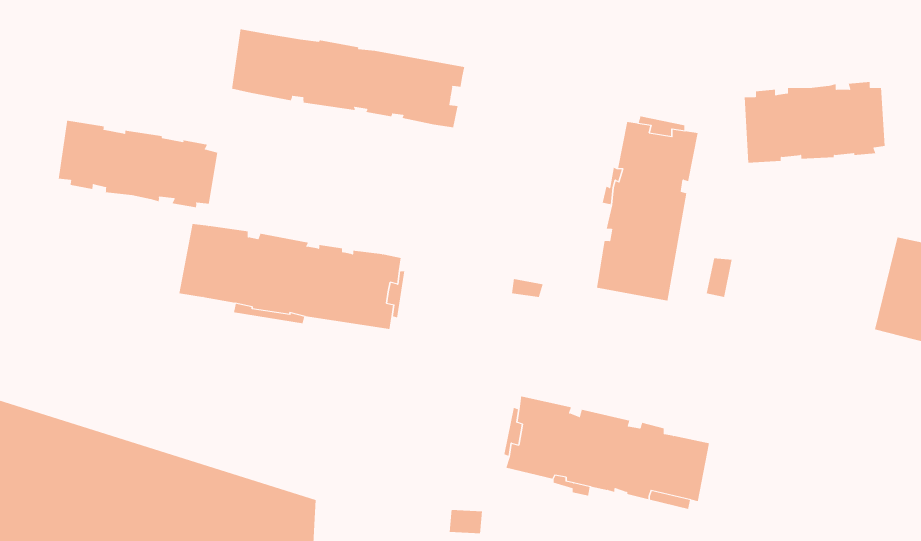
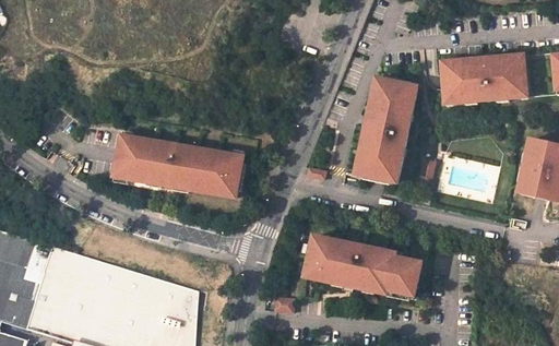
building: [232,28,465,128] -> none
building: [58,120,218,208] -> none

